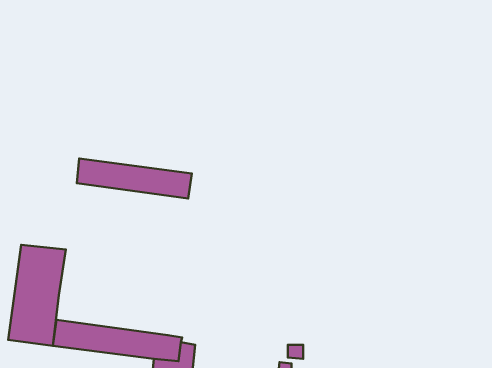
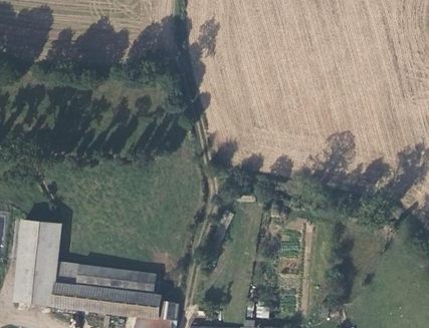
building: [77,158,192,198] -> [52,262,151,296]

